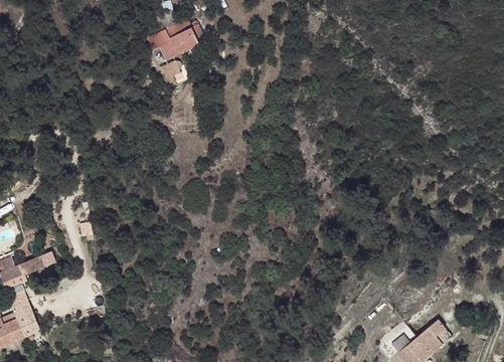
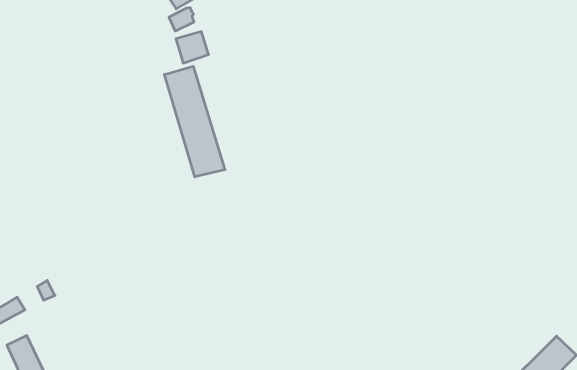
building: none -> [164,66,225,177]

